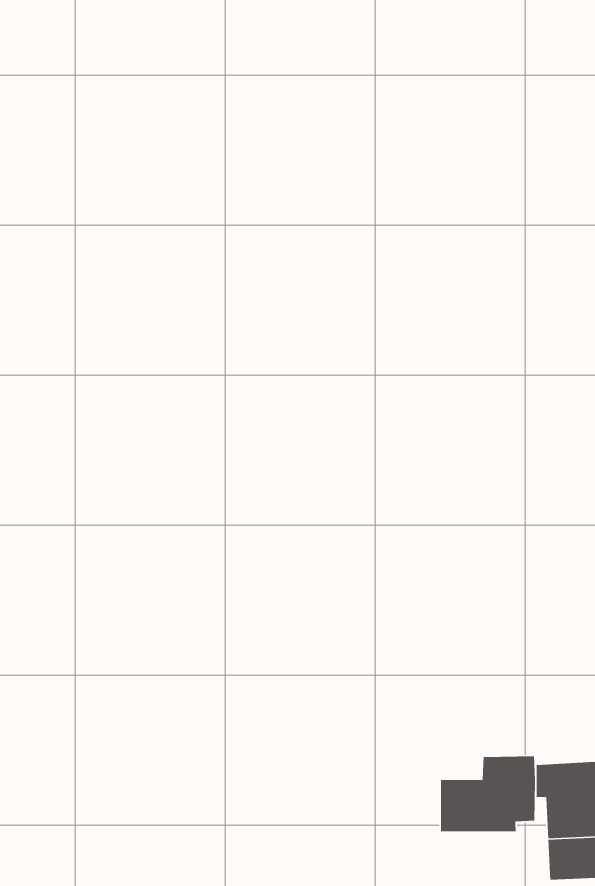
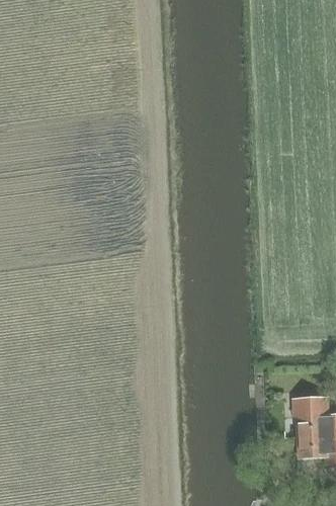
building: [440,755,536,832] -> none

